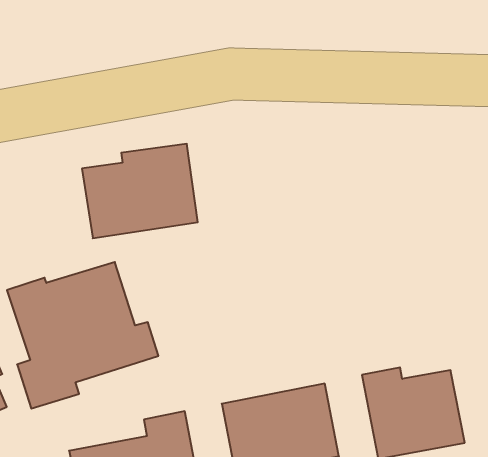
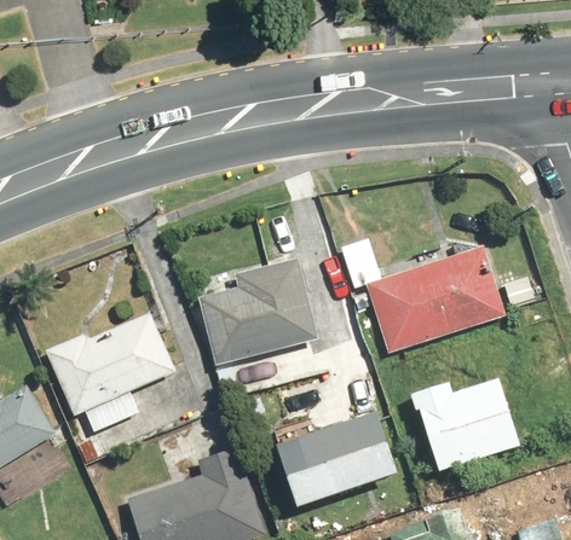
building: [82,144,198,238] -> [200,262,319,366]
building: none -> [365,246,506,355]

